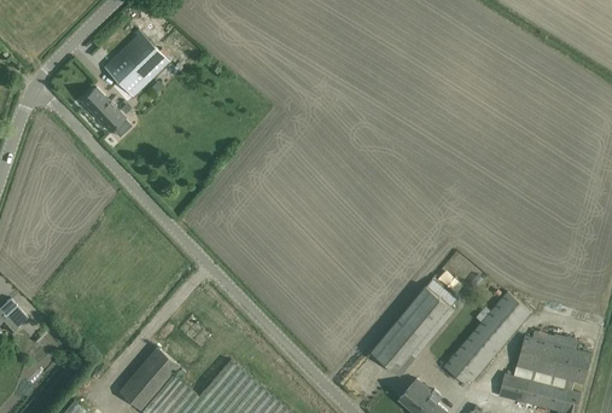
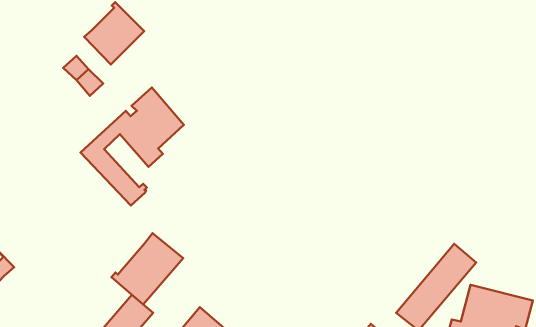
building: none -> [81,87,184,206]
building: none -> [111,233,183,304]
building: [371,285,453,374] -> none

